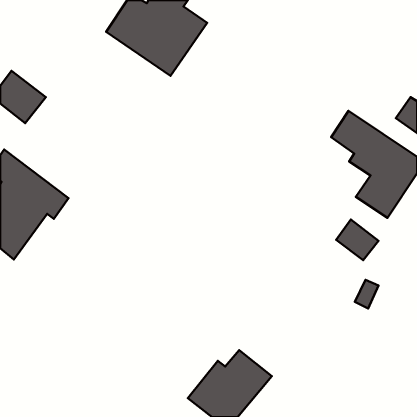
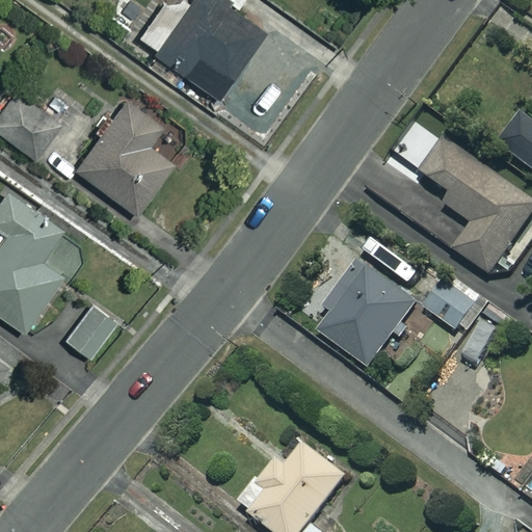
building: none -> [74,98,169,211]
building: none -> [321,266,416,369]
building: none -> [62,303,116,360]

